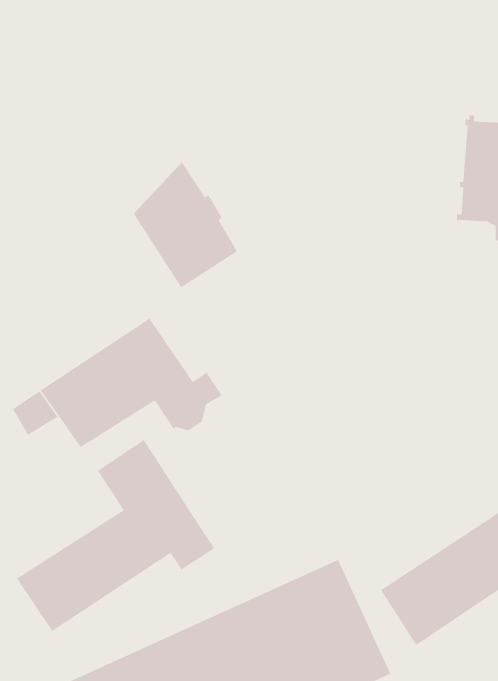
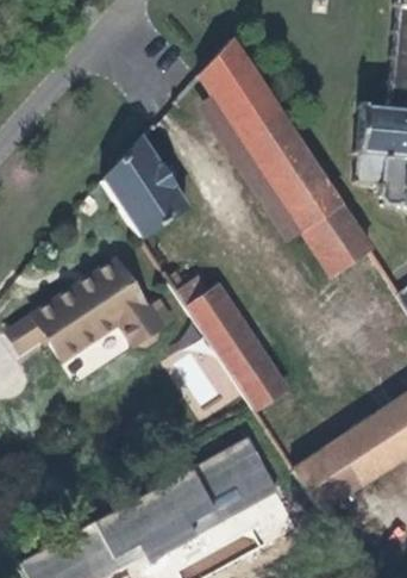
building: none -> [200,38,369,273]
building: none -> [170,272,287,408]
building: [16,439,215,632] -> none

